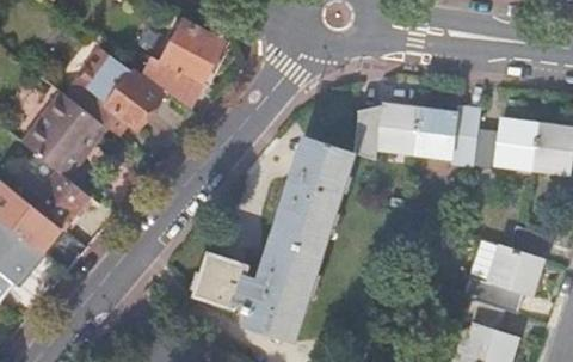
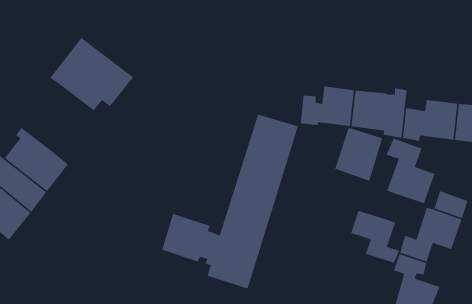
building: [148,19,226,105] -> none
building: [20,92,105,179] -> none
building: none -> [334,127,383,182]
building: none -> [386,138,435,204]
building: none -> [350,210,400,264]

